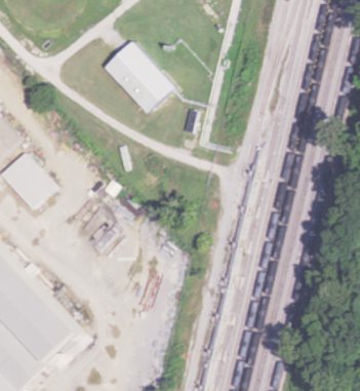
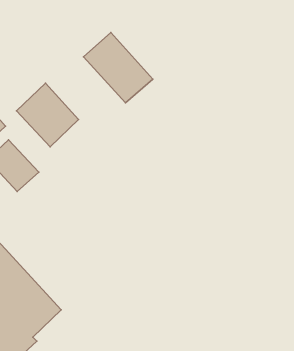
building: none -> [16,83,78,147]

